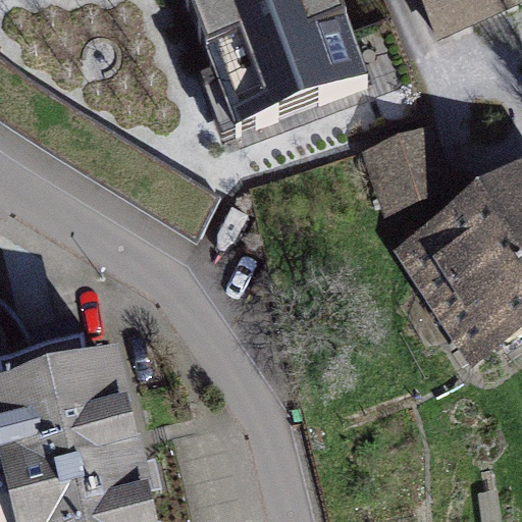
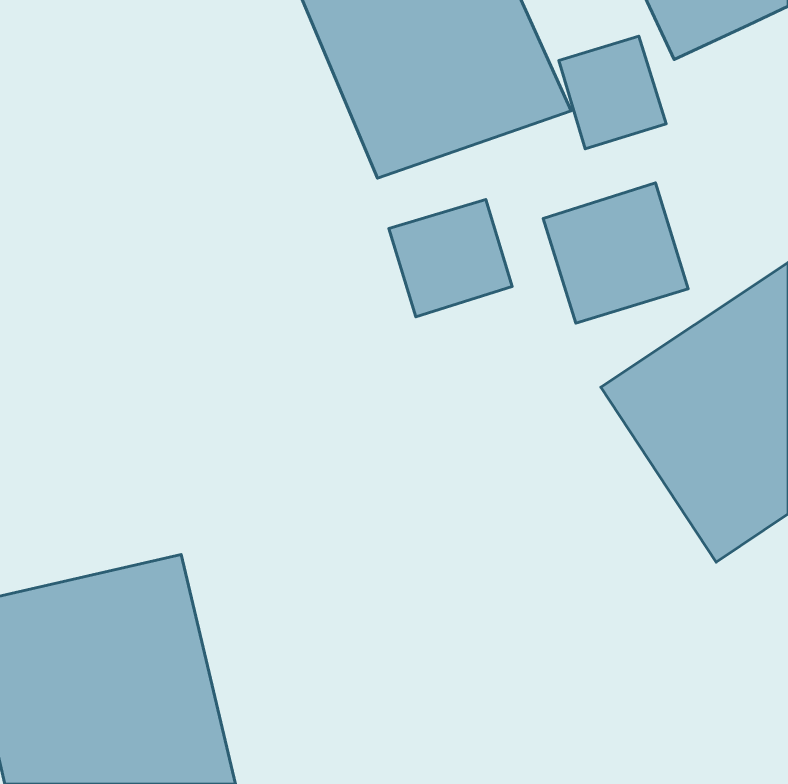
building: none -> [559,36,666,149]
building: none -> [389,200,512,317]

